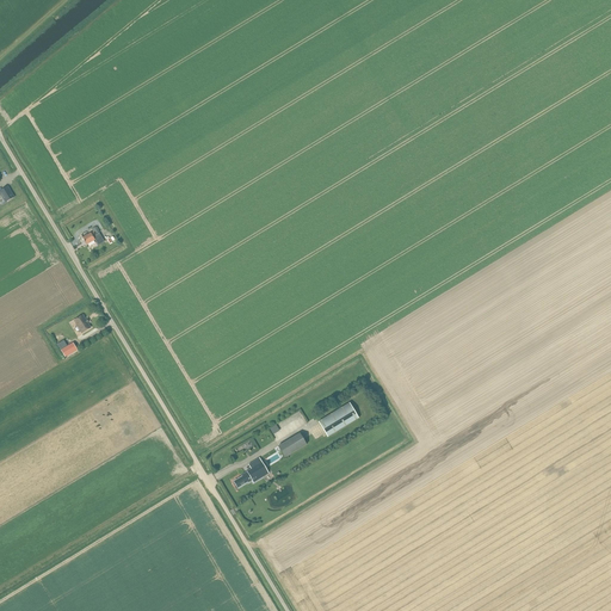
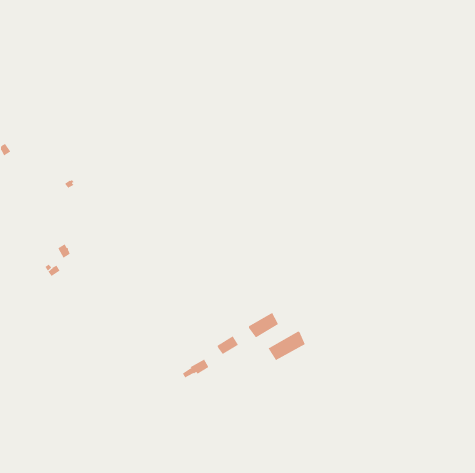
building: none -> [268,331,305,361]

